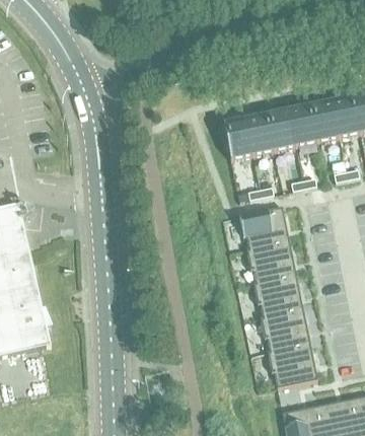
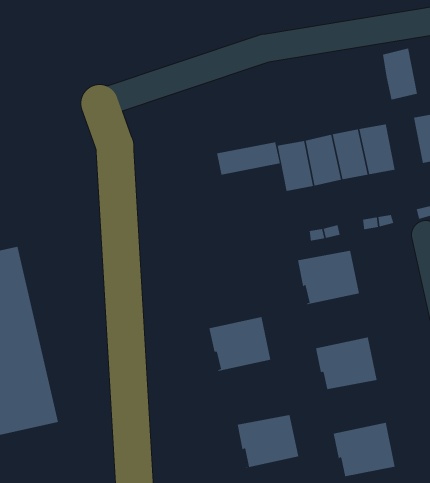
building: [310,100,339,142] -> [382,48,418,100]
building: none -> [216,141,280,175]
building: [246,240,296,284] -> [209,317,271,371]
building: [261,309,310,352] -> [237,414,299,468]

